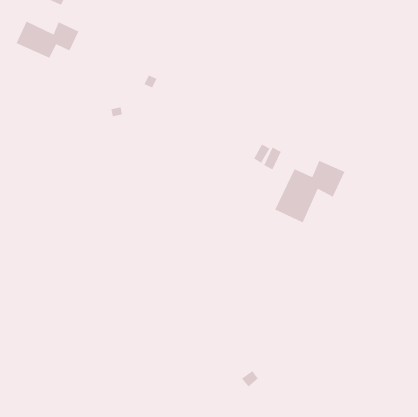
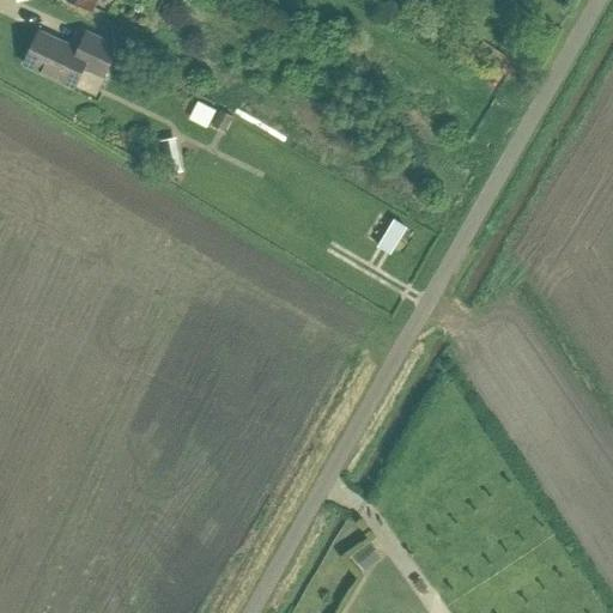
building: [274,160,345,223] -> none

